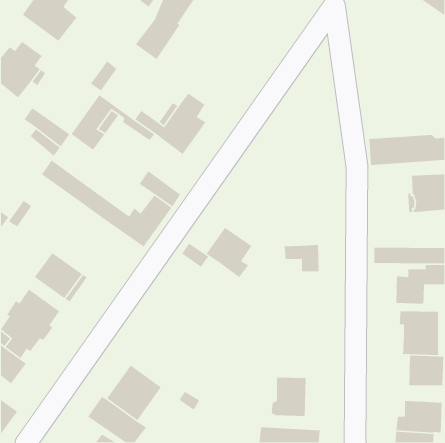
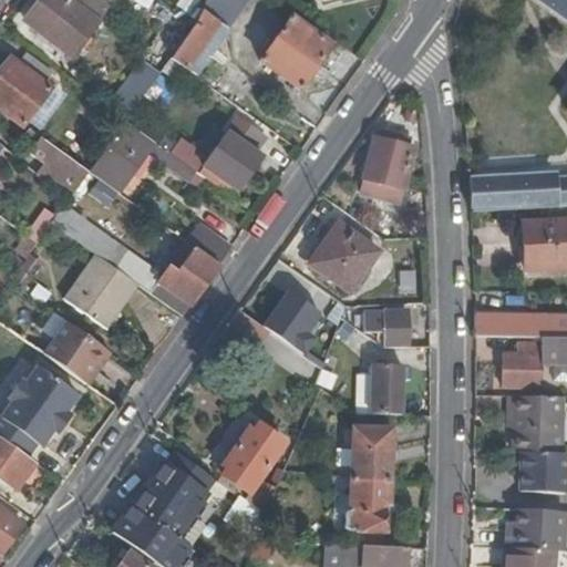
building: none -> [261,17,331,89]
building: none -> [361,132,413,200]
building: none -> [308,221,378,291]
building: none -> [66,254,138,328]
building: none -> [371,364,403,415]
building: none -> [218,422,286,513]
building: none -> [342,426,392,480]

